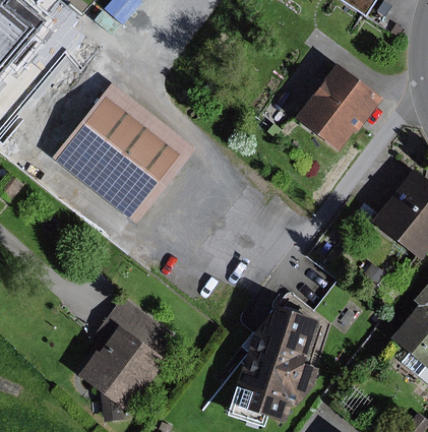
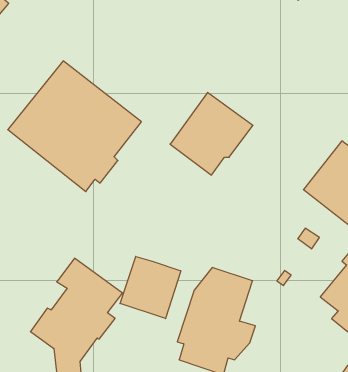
building: [293,62,382,151] -> [170,92,253,175]
building: none -> [120,256,181,319]

